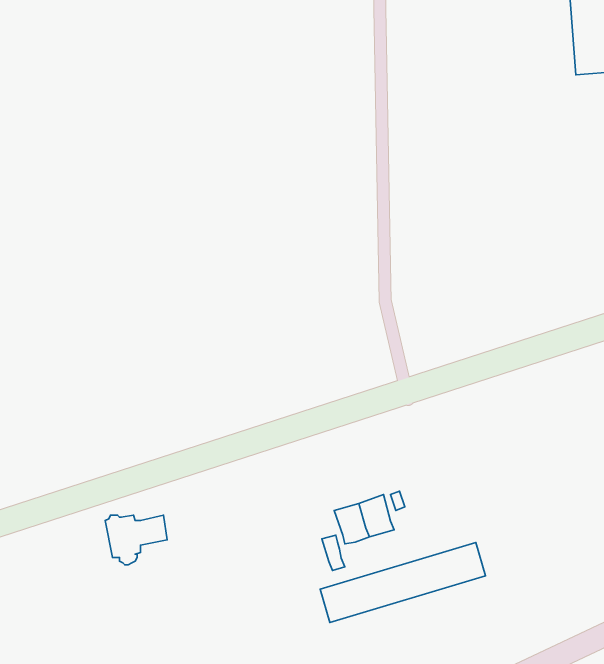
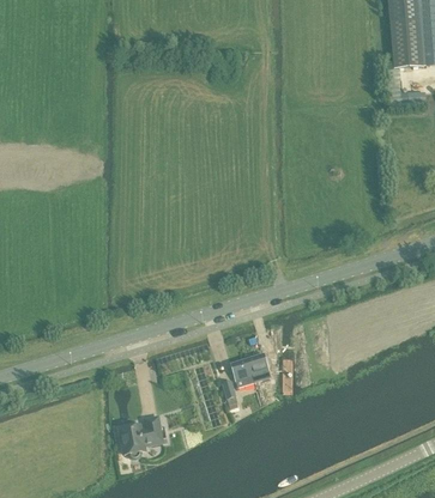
building: [105,515,167,565] -> [121,424,163,457]
building: [320,542,485,623] -> none

